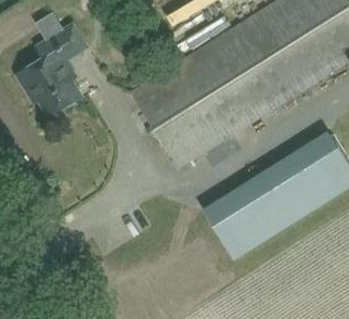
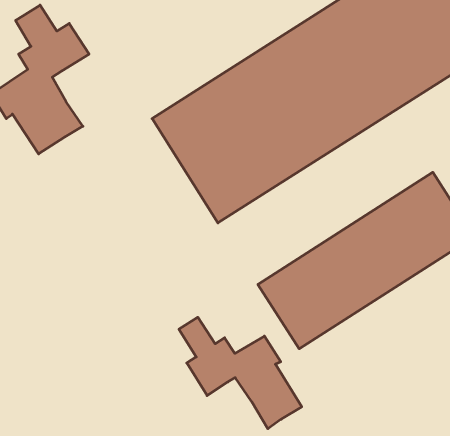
building: none -> [179,317,302,429]

